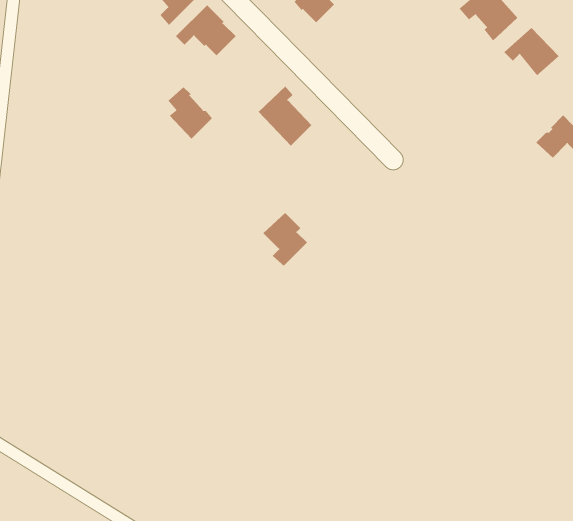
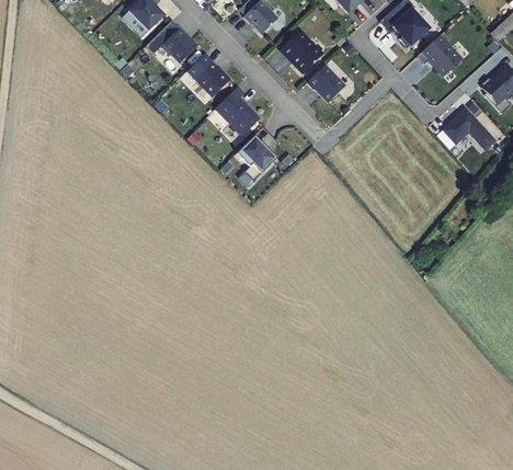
building: none -> [284,33,322,72]
building: none -> [306,65,344,102]
building: [168,86,213,139] -> [192,53,229,96]
building: [263,212,308,267] -> [235,135,272,180]

